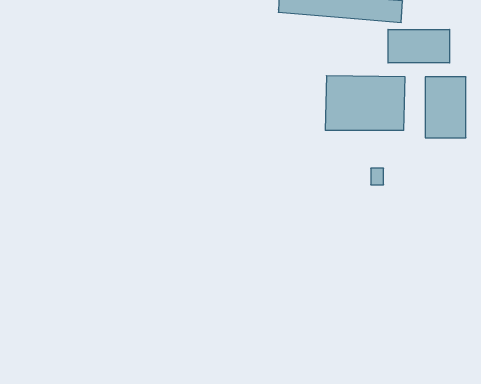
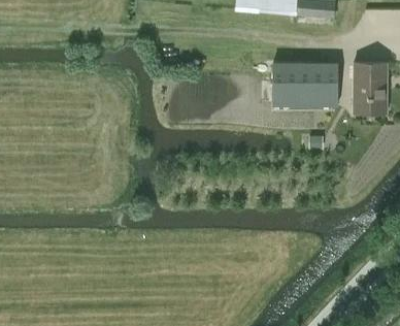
building: [388,29,450,63] -> none

